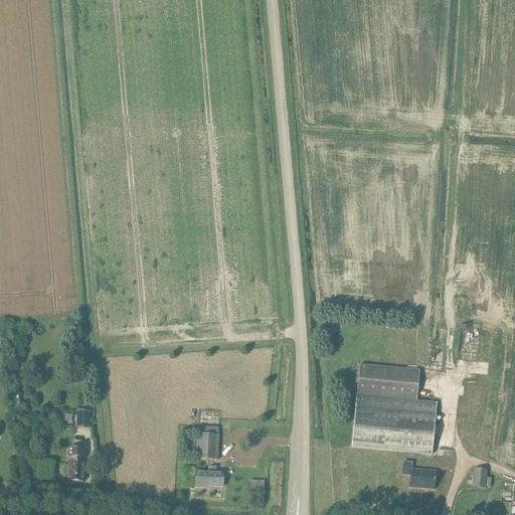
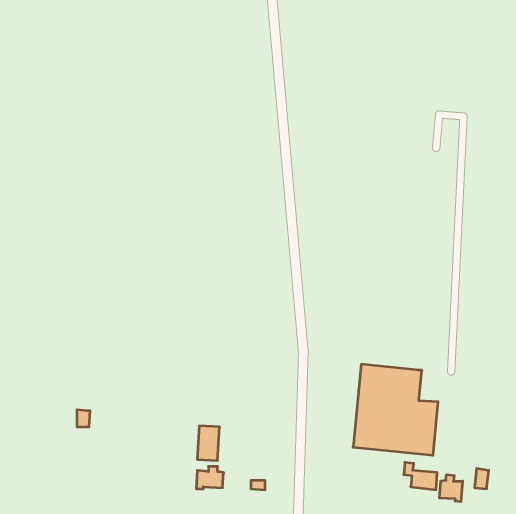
building: [64,445,85,481] -> none
building: none -> [440,475,463,502]

